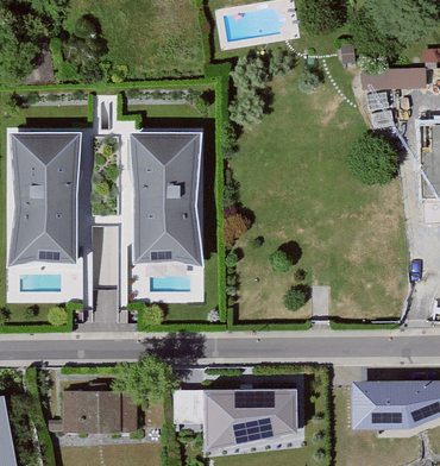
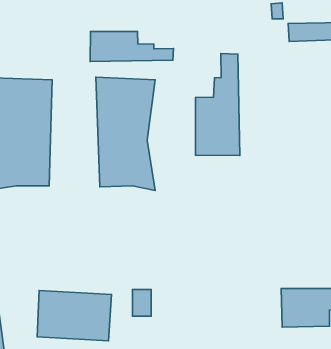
building: none -> [90,31,174,61]
building: none -> [195,53,240,156]
building: [205,389,296,449] -> none

